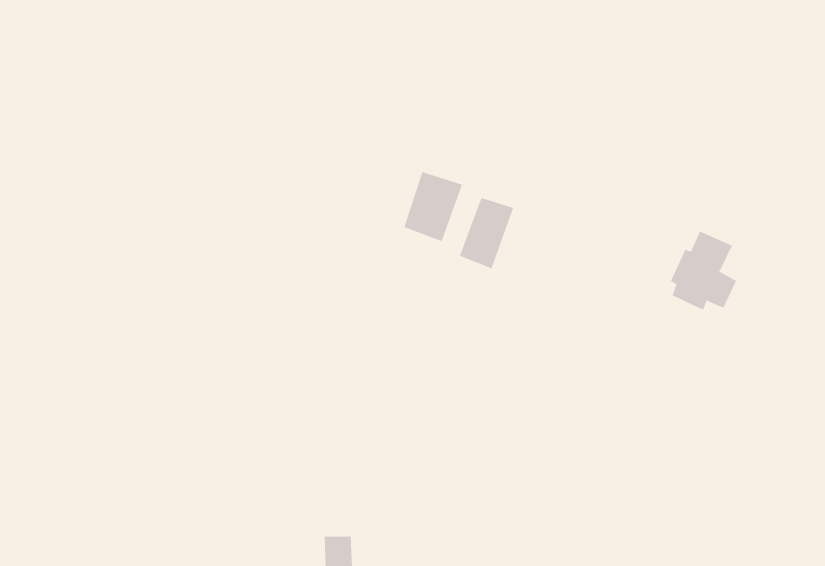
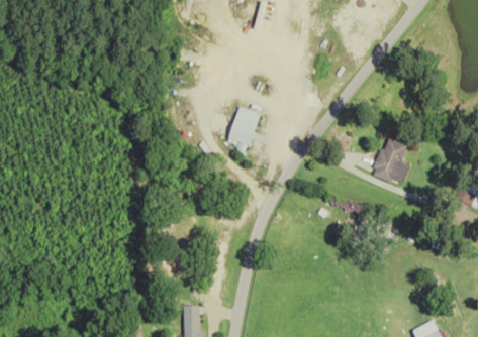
building: [459,197,514,269] -> none

